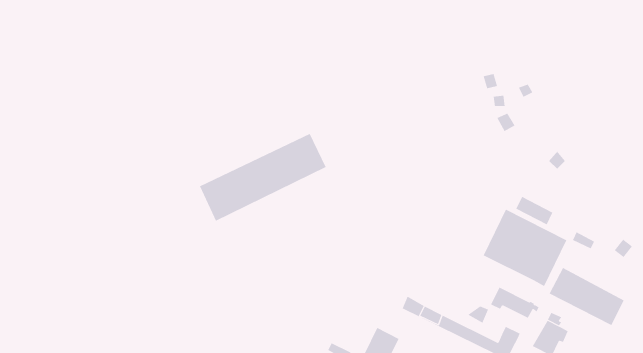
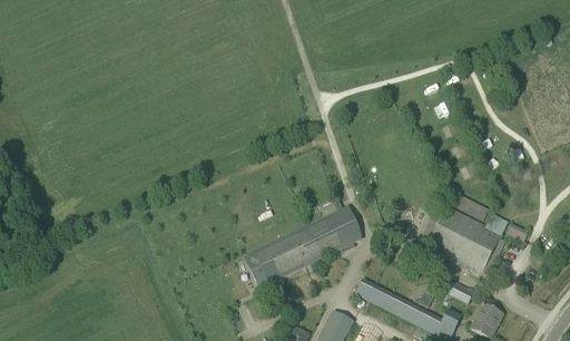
building: [199,133,327,222] -> [247,207,360,285]
building: [549,267,624,326] -> none

